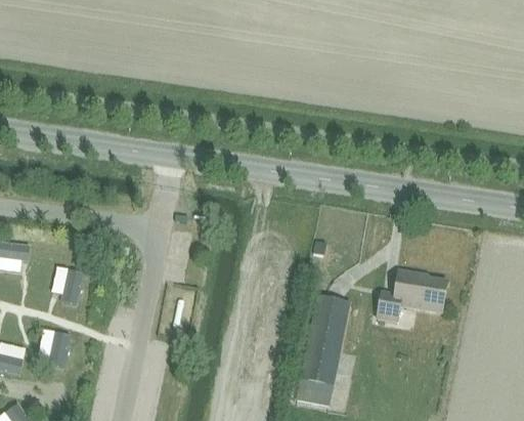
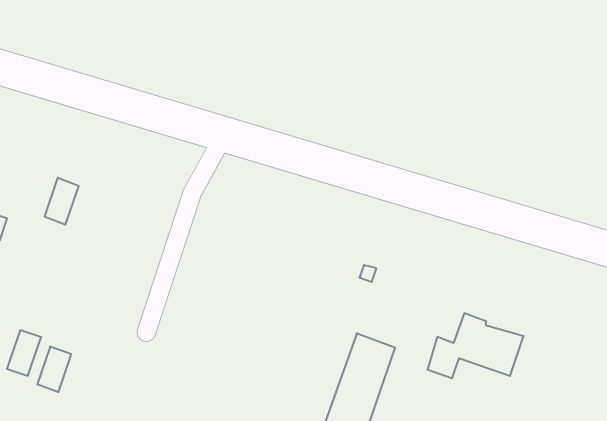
building: [60,268,84,304] -> [44,178,79,225]
building: none -> [37,346,71,392]

